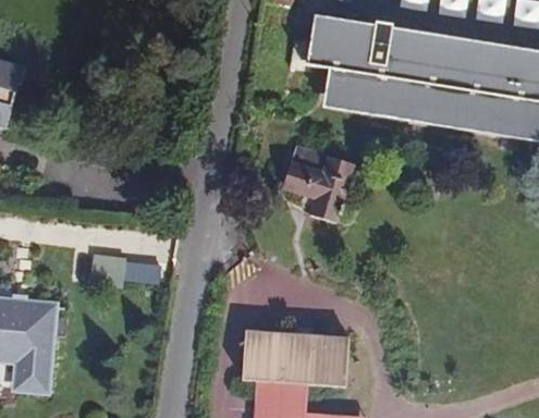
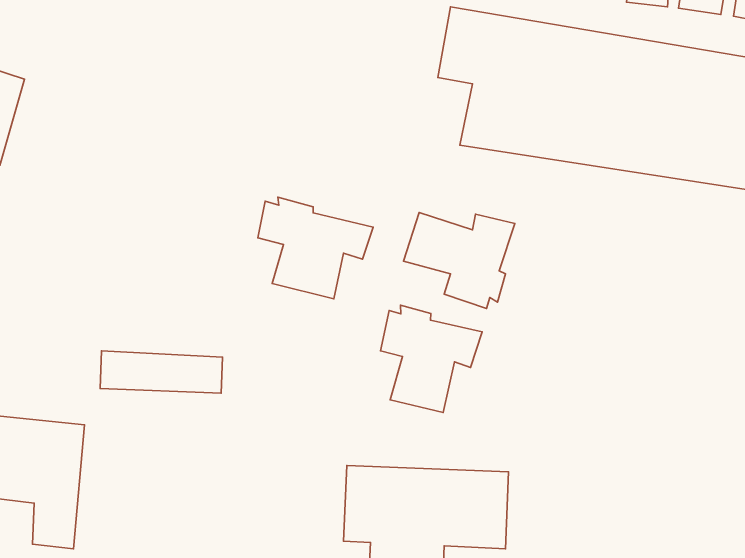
building: none -> [258,197,373,299]
building: none -> [381,305,482,412]

